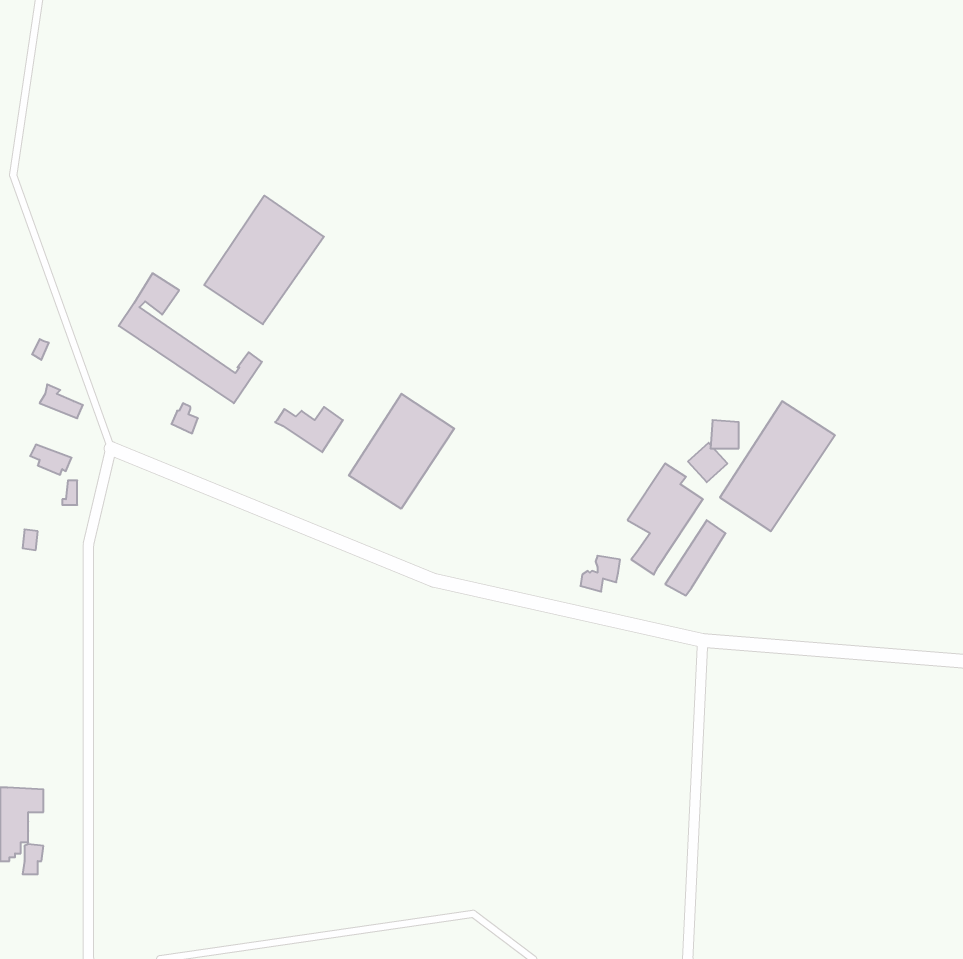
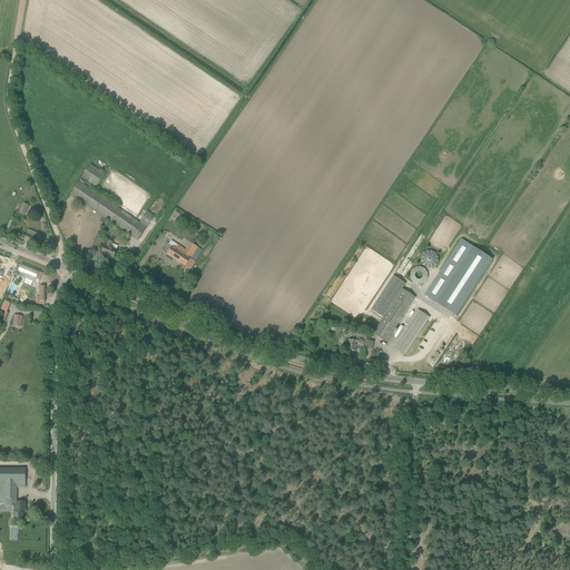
building: [204,196,324,324] -> none
building: [349,394,454,509] -> none

